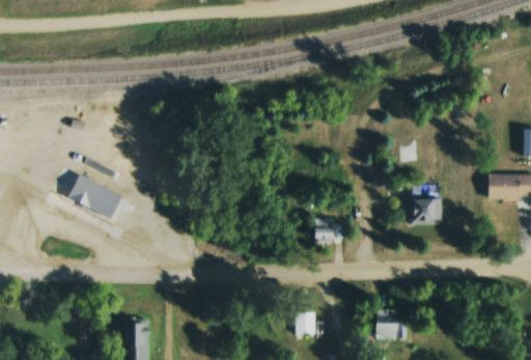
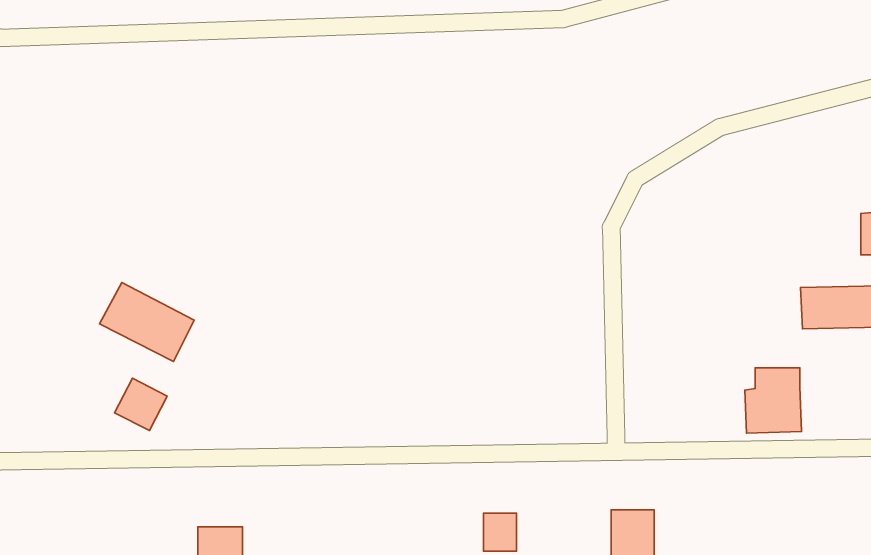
building: [409,187,443,226] -> [745,368,802,433]
building: [316,219,336,244] -> none
building: none -> [115,378,167,431]

